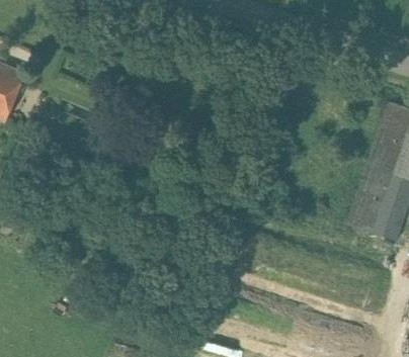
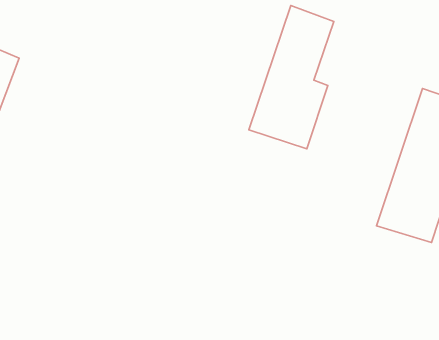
building: none -> [249,5,334,149]

